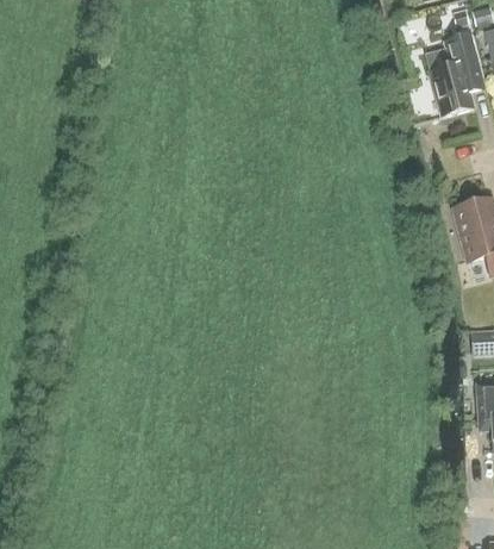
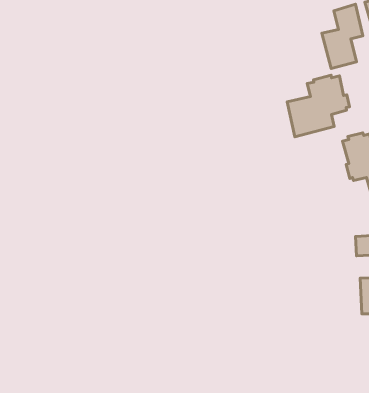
building: none -> [287,75,350,137]

